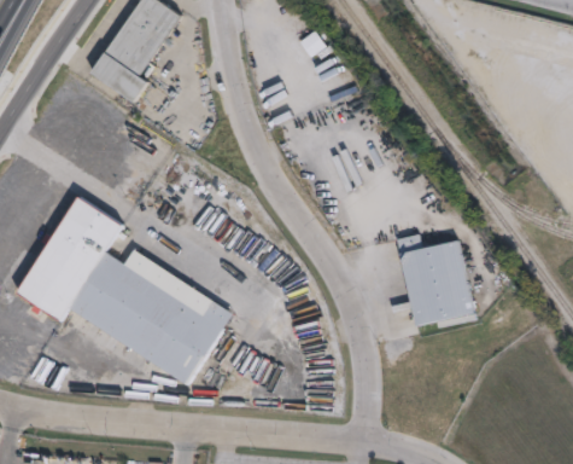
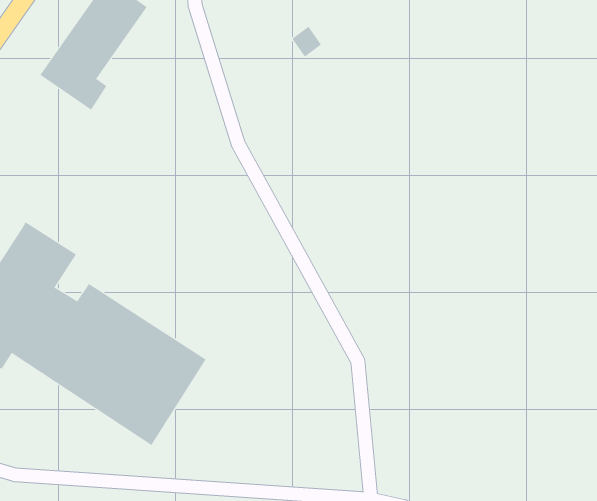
building: [393,234,474,327] -> none

